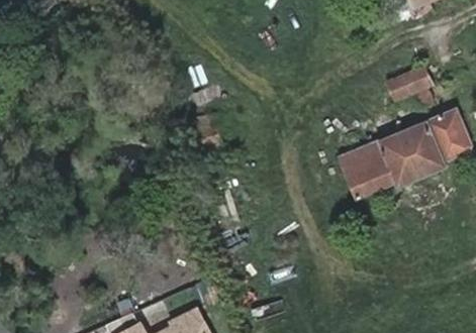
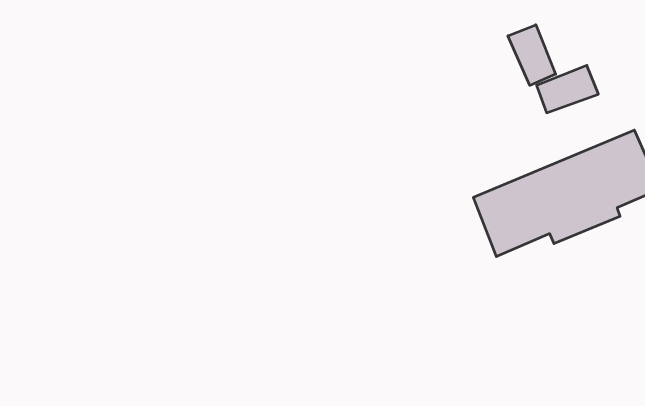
building: none -> [508,25,556,85]

